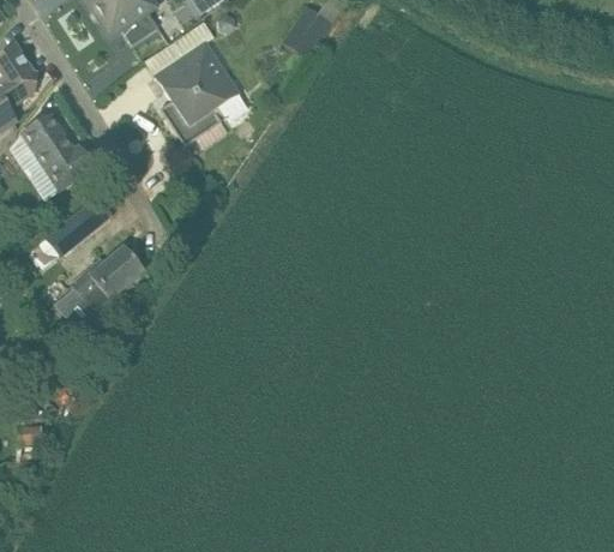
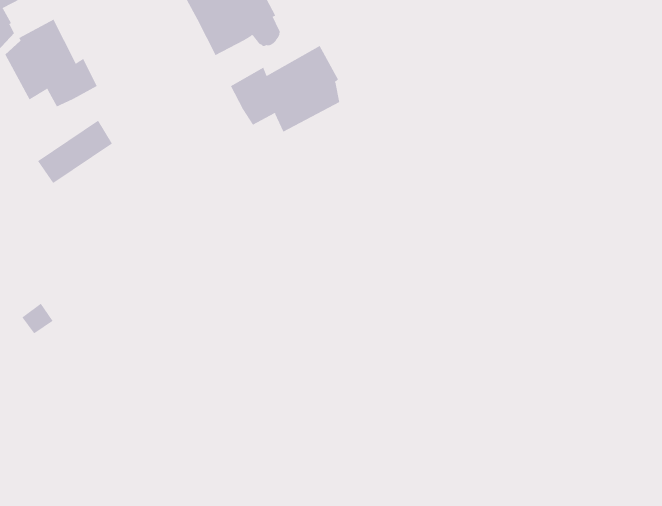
building: none -> [230,45,340,133]
building: [68,246,142,316] -> none

